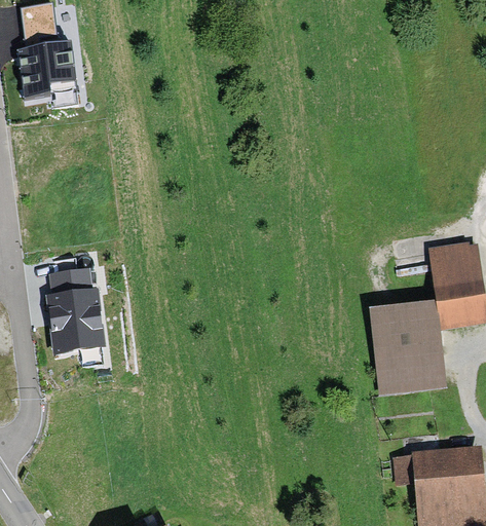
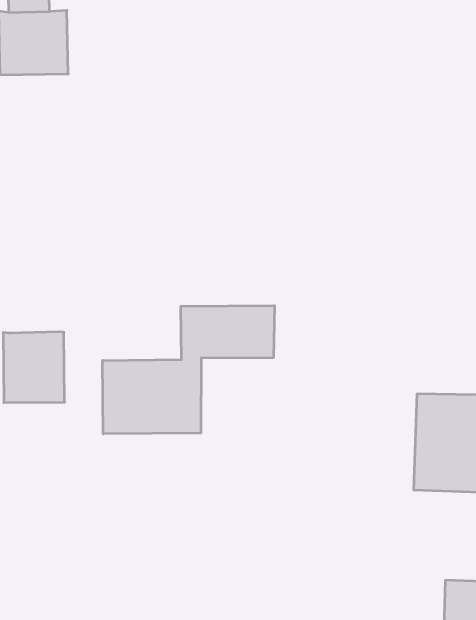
building: none -> [103,306,274,434]
building: [51,270,91,297] -> none

